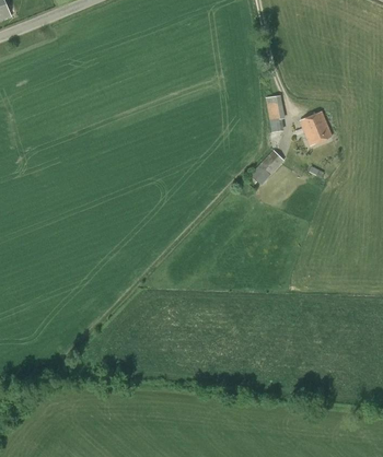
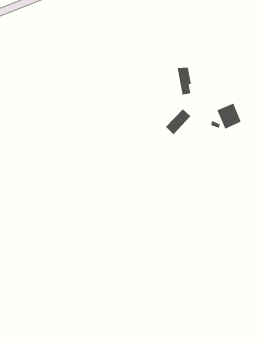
building: [299,110,332,145] -> [216,103,241,129]

